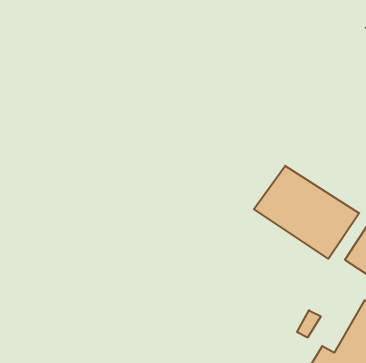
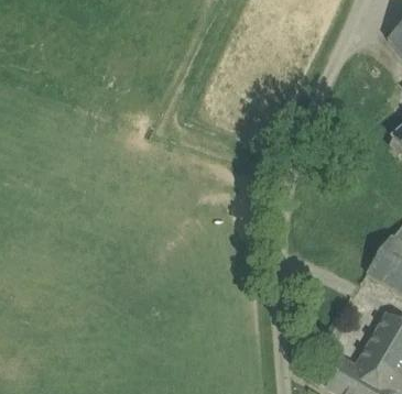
building: [254,166,359,259] -> none

